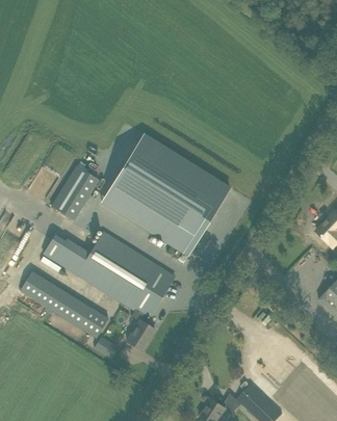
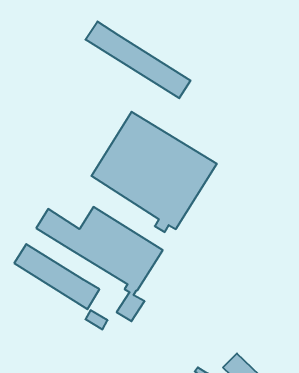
building: none -> [85,21,190,98]
building: [51,165,99,220] -> none

